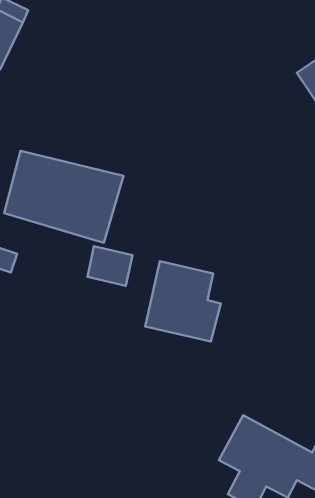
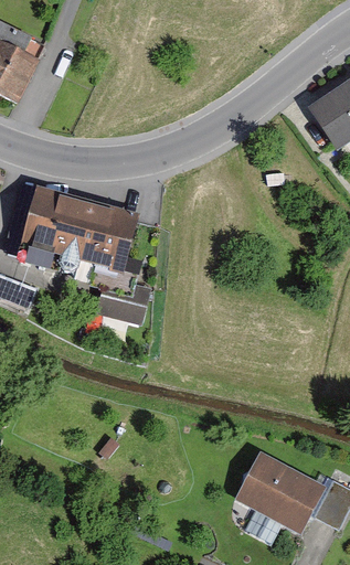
building: [145,261,221,341] -> none

